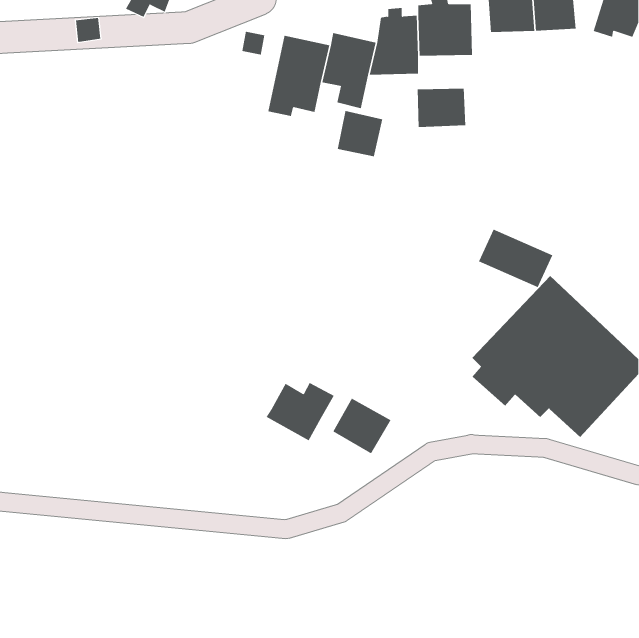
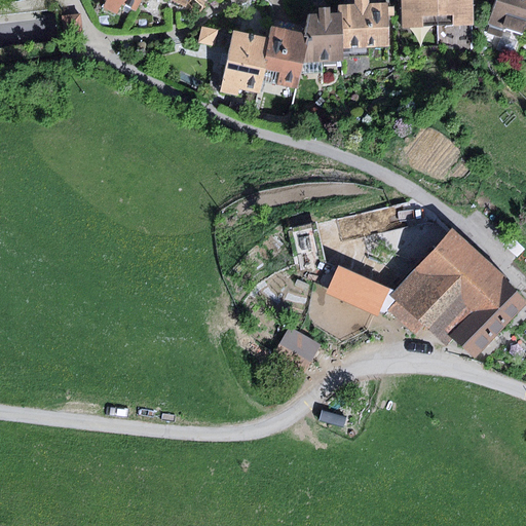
building: [417,88,466,128] -> none
building: [337,110,383,157] -> none
building: [478,229,553,288] -> [327,266,388,314]
building: [266,382,335,441] -> none

